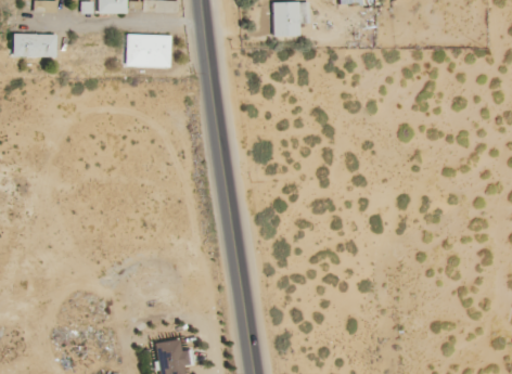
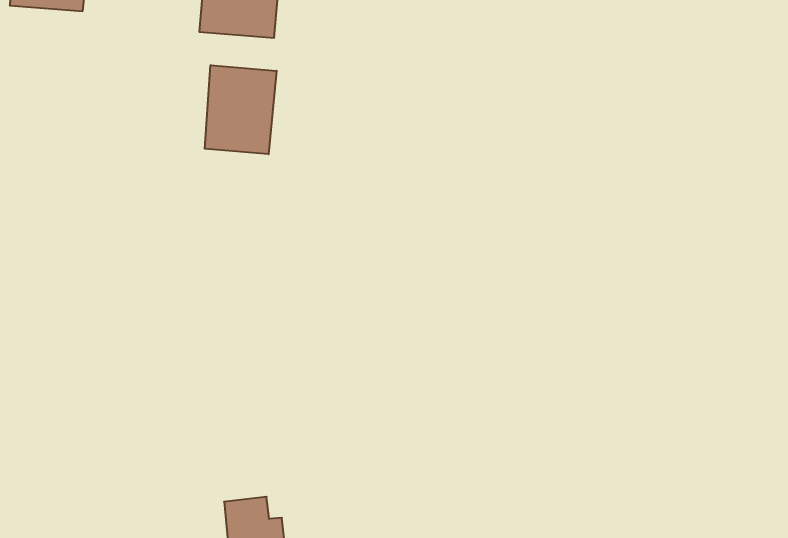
building: none -> [205,65,277,154]

